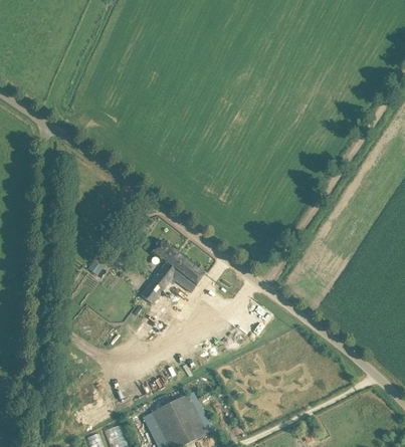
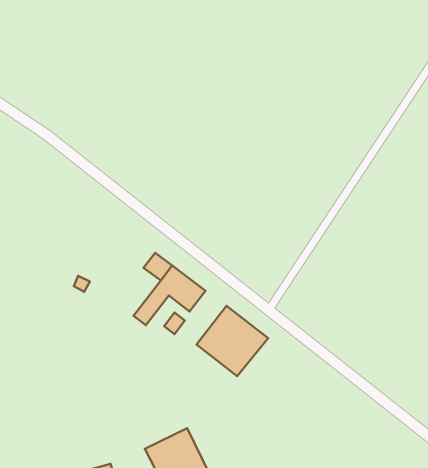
building: none -> [197,306,268,376]

